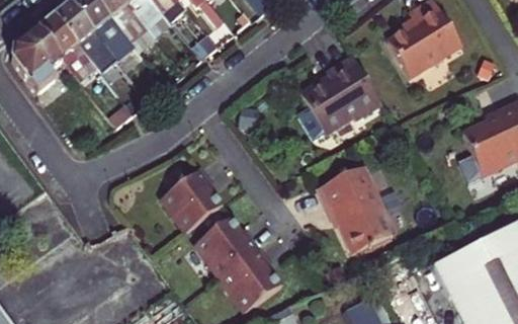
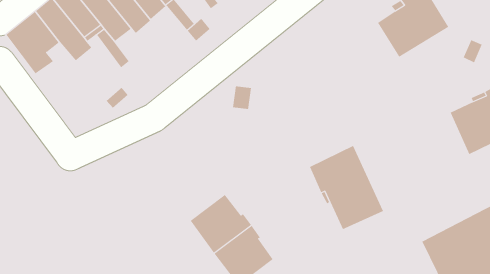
building: [301,56,382,134] -> none
building: [161,167,223,231] -> none

